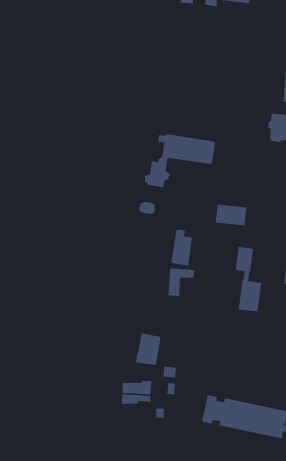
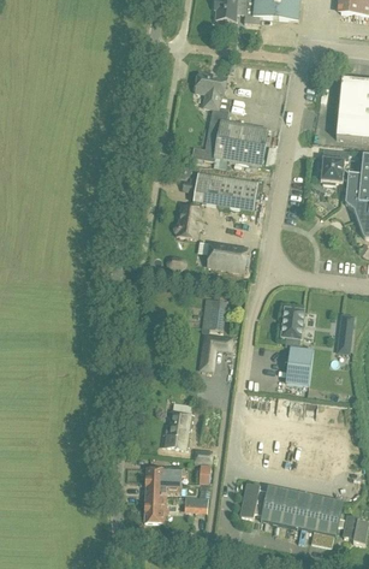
building: none -> [196,71,268,164]
building: [215,204,247,226] -> [207,243,245,269]
building: none -> [144,493,166,521]

